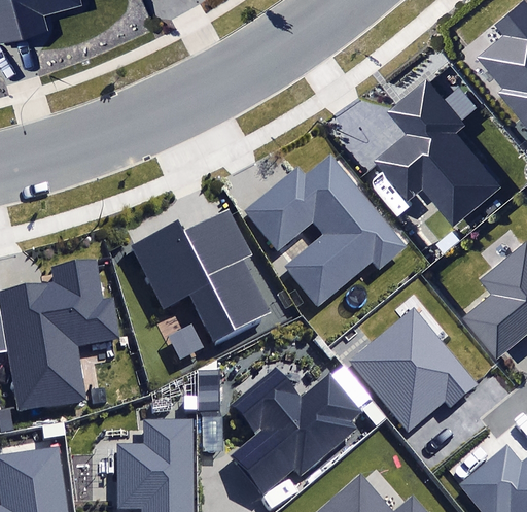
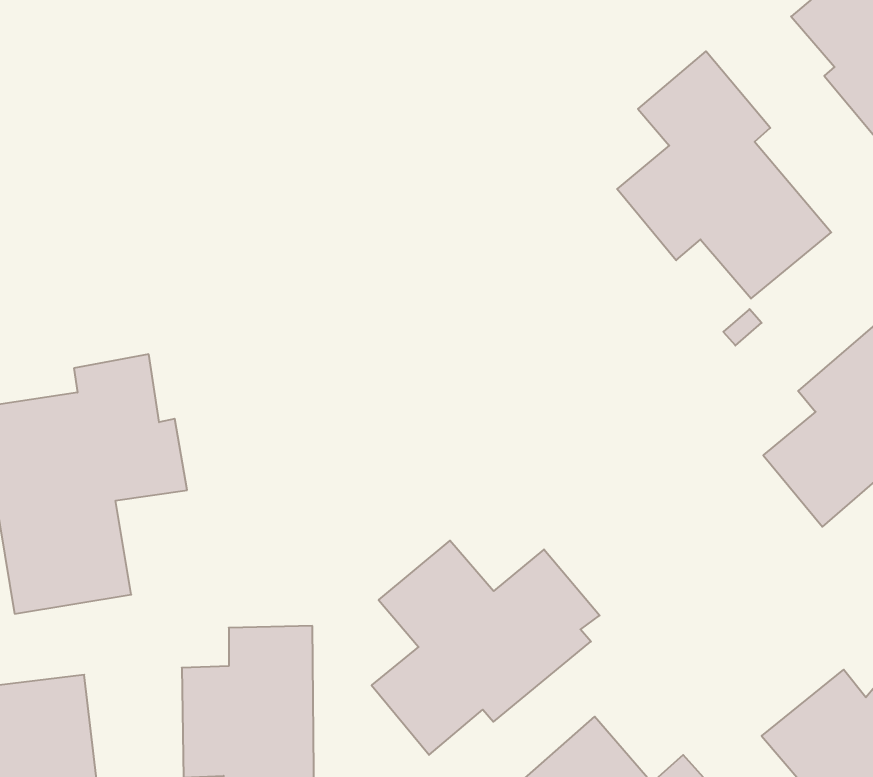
building: [245,152,409,308] -> none
building: [129,209,272,342] -> none
building: [349,307,478,431] -> none

